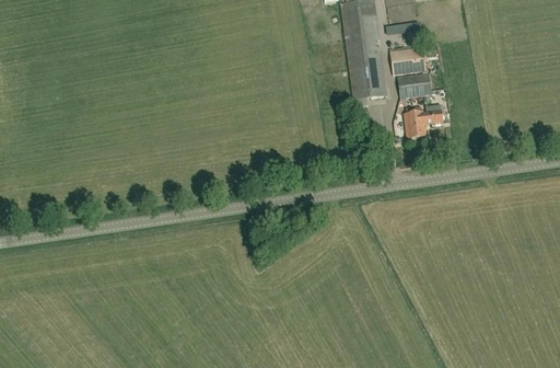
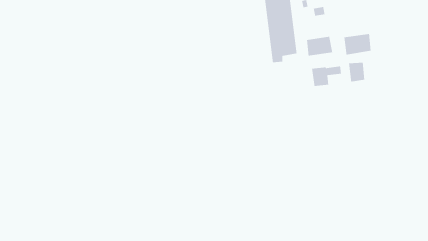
building: [389,46,425,74] -> [343,33,371,55]
building: none -> [348,62,365,82]

